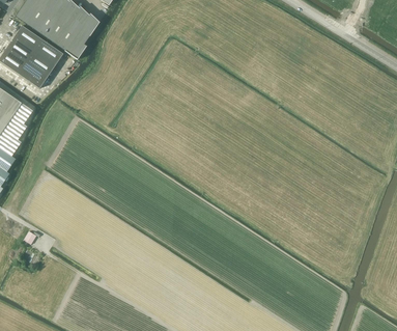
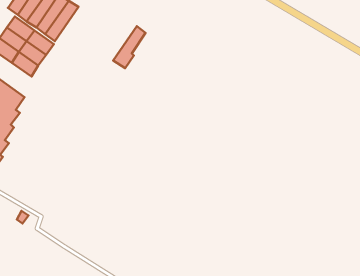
building: [64,15,98,59] -> [113,26,146,68]

